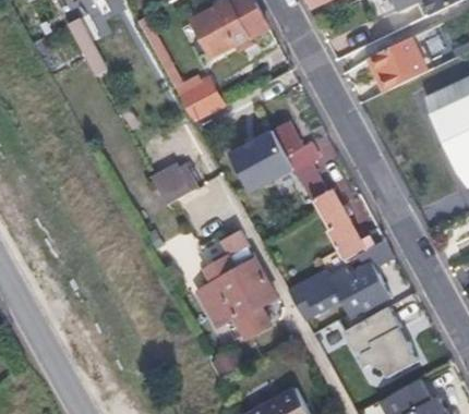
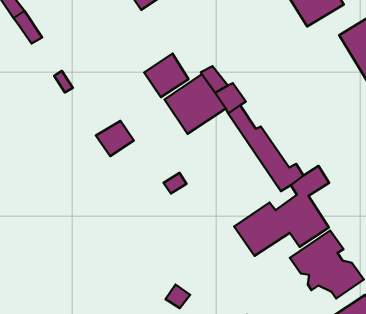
building: [180,77,226,122] -> [144,53,188,97]
building: [196,255,277,340] -> none

